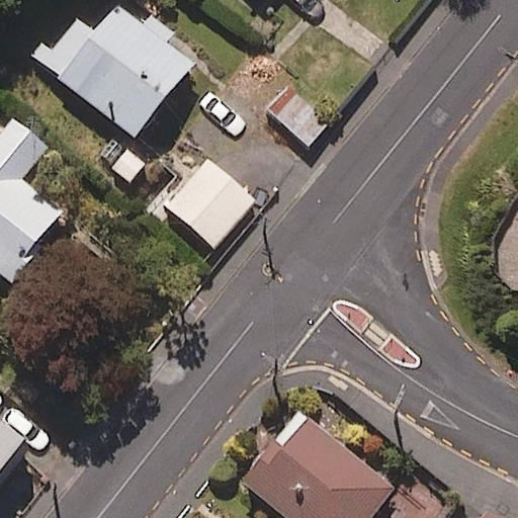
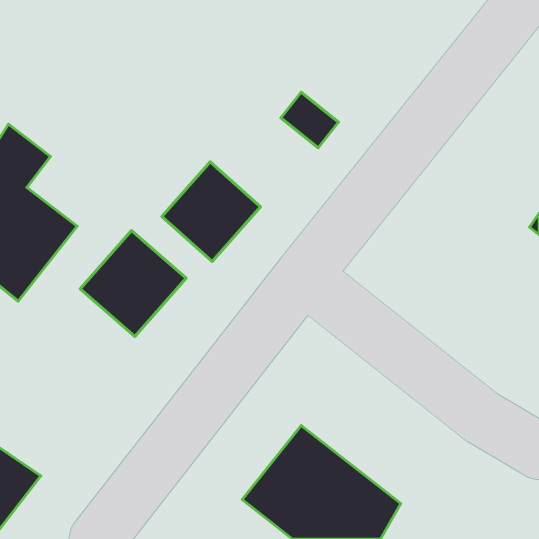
building: [60,6,195,140] -> none
building: none -> [80,230,186,336]

